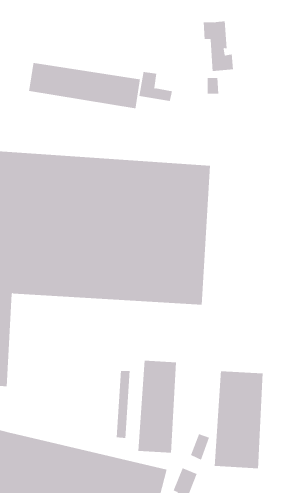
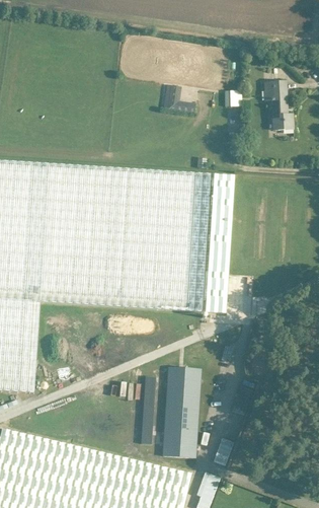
building: [203,21,234,72] -> [262,80,293,130]
building: [28,62,141,109] -> none
building: [214,370,263,469] -> none

